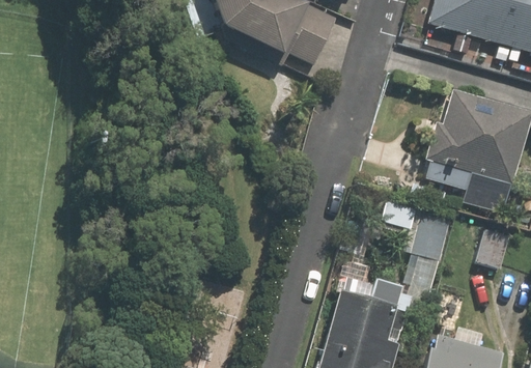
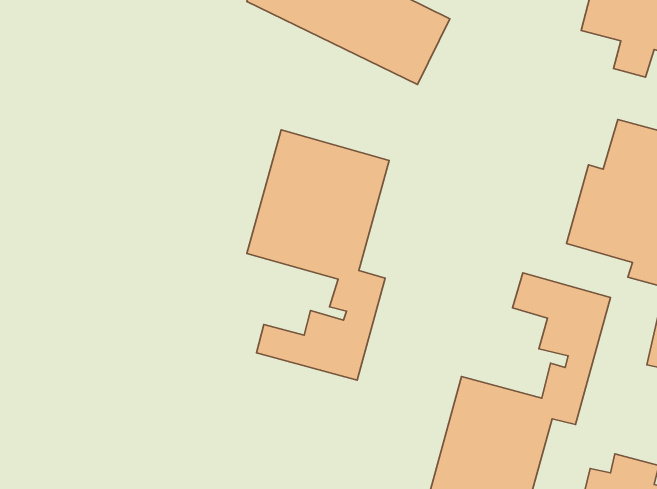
building: none -> [247,130,389,380]

